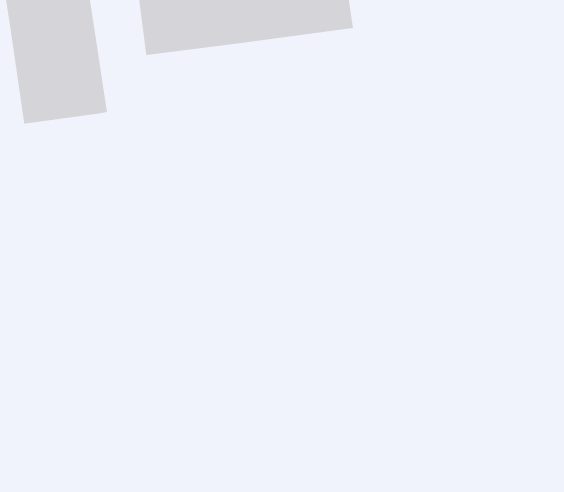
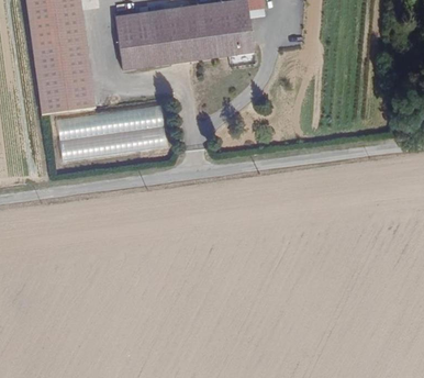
building: none -> [55,107,166,160]

